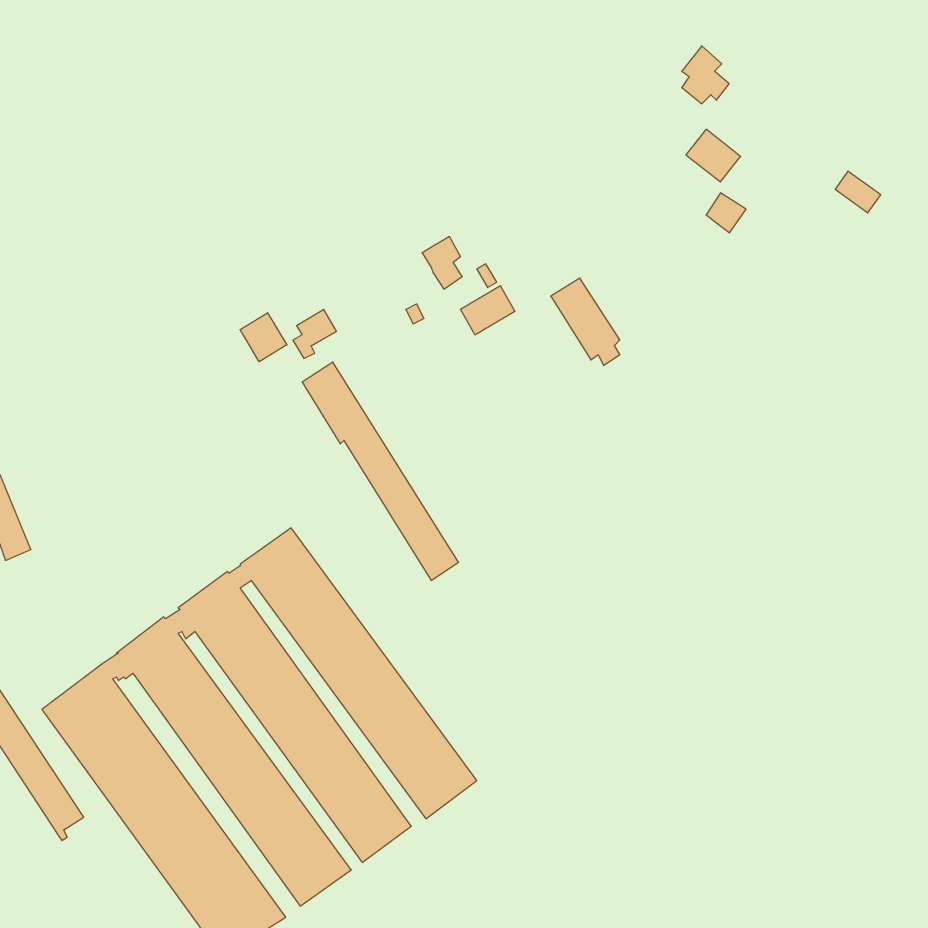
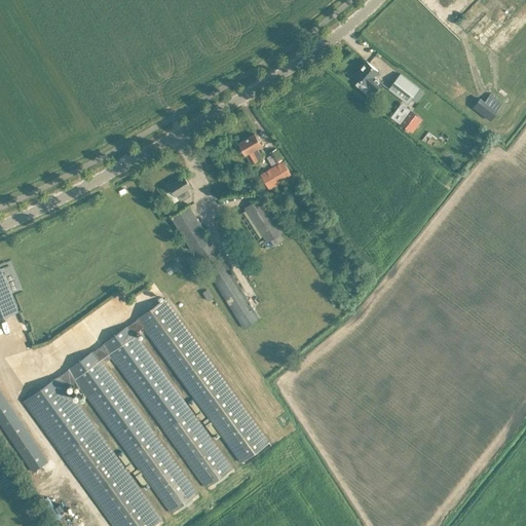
building: [682,46,729,104] -> [354,62,381,95]
building: [551,278,620,365] -> [242,197,281,247]
building: [240,313,287,362] -> none

